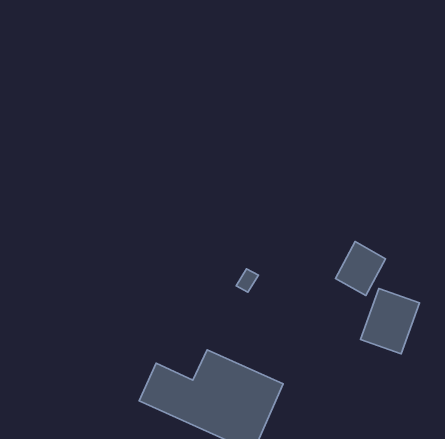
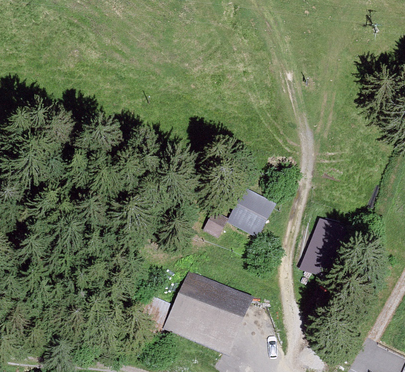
building: [336,242,385,295] -> [234,188,272,229]

